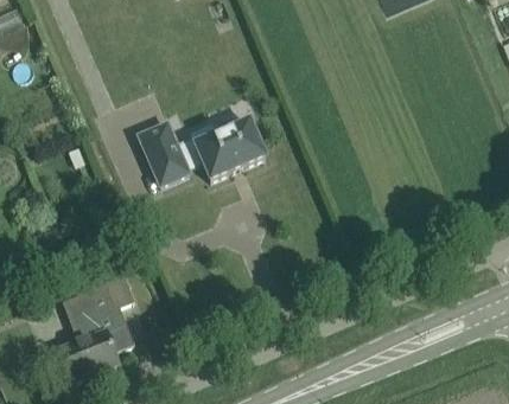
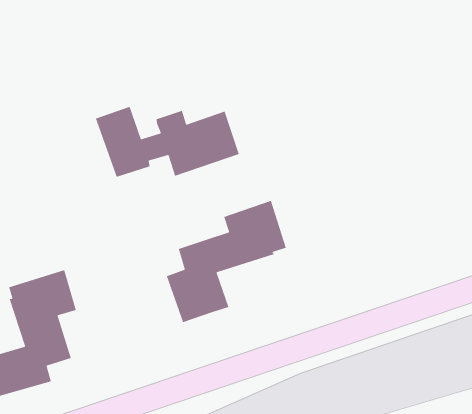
building: none -> [166,200,287,323]

